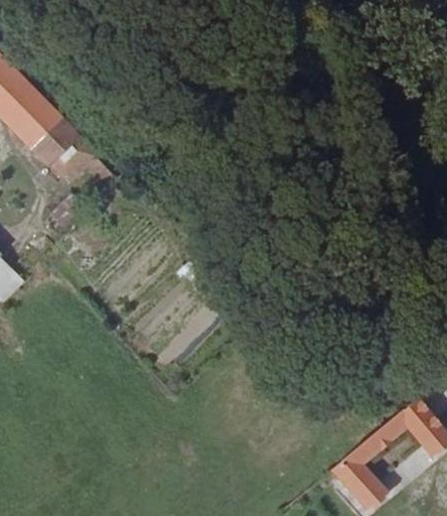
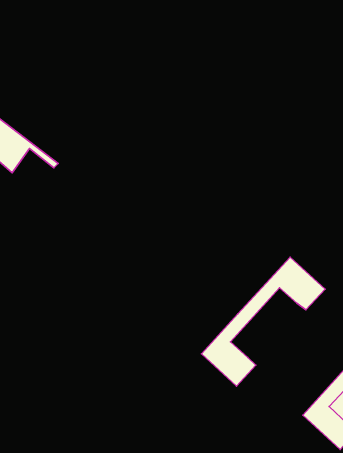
building: none -> [202,257,325,386]

